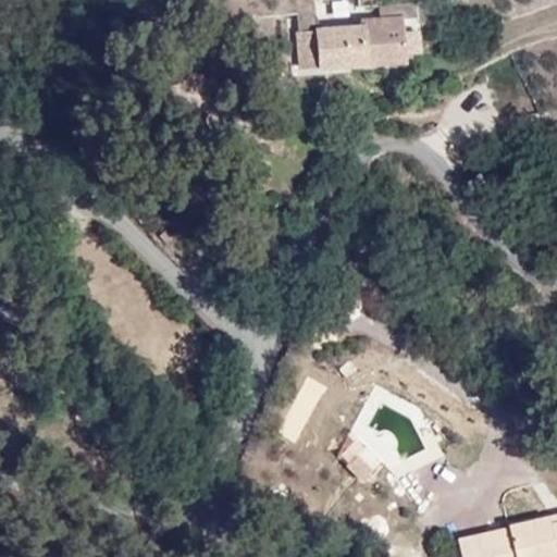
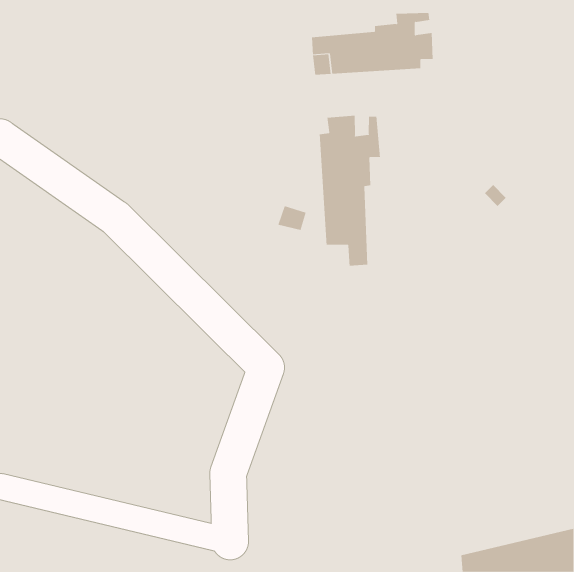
building: none -> [319,115,381,266]

